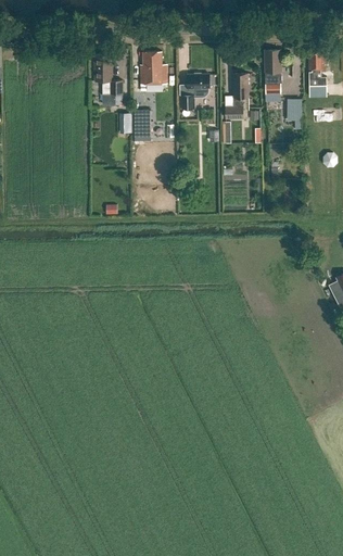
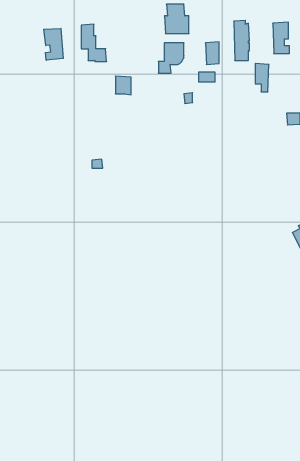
building: [140,52,167,85] -> [164,4,189,34]
building: none -> [44,28,63,60]

